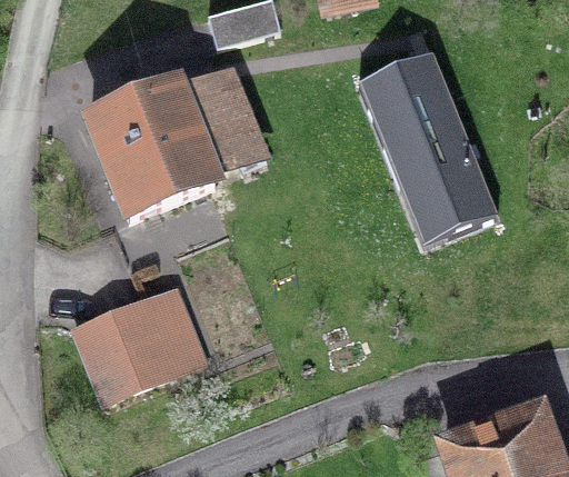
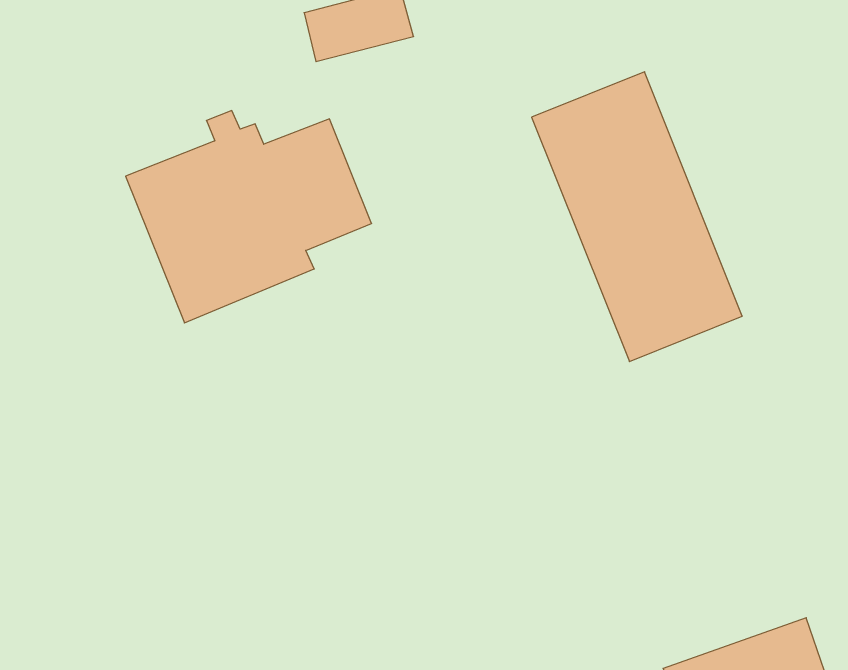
building: [76,298,174,397] -> none

